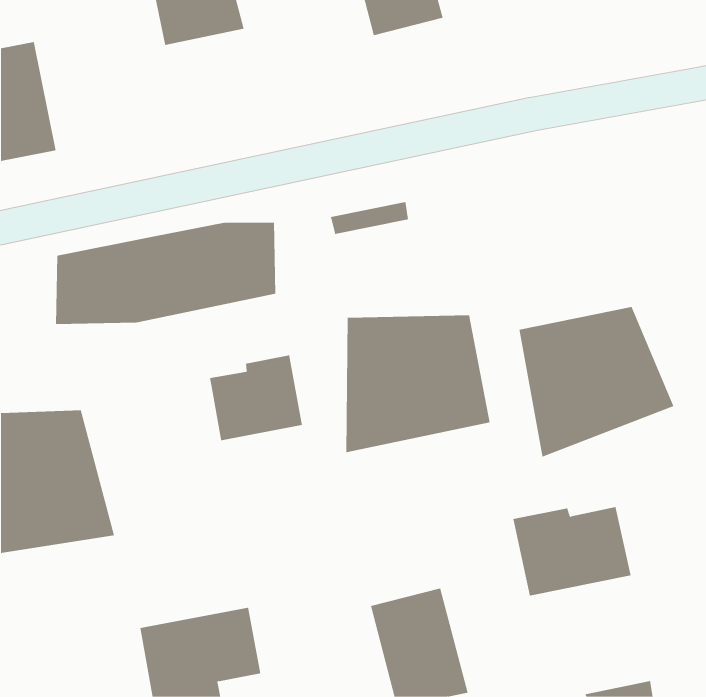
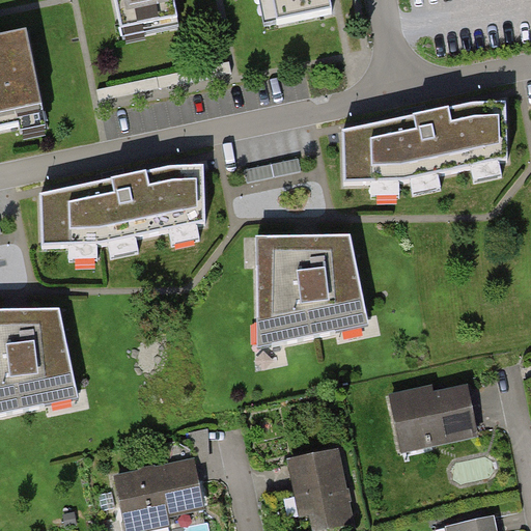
building: none -> [338,101,502,183]
building: [519,306,674,458] -> none
building: [210,355,303,441] -> none

